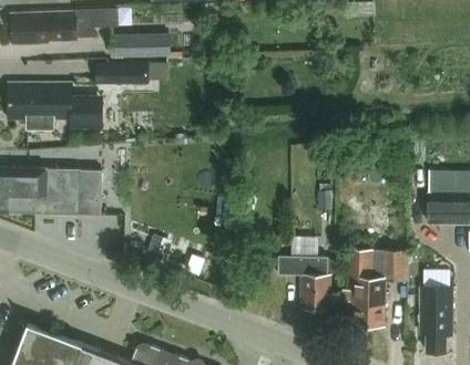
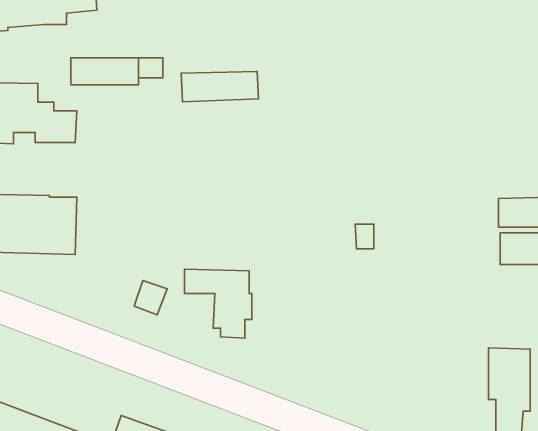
building: [111,34,171,58] -> [181,72,259,102]
building: [343,248,409,325] -> none
building: [278,255,330,309] -> [185,269,252,338]

